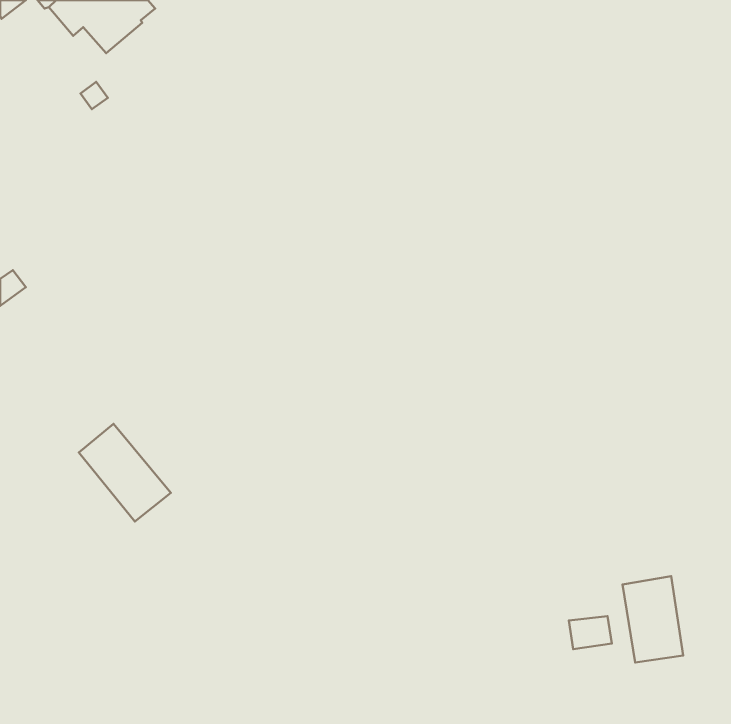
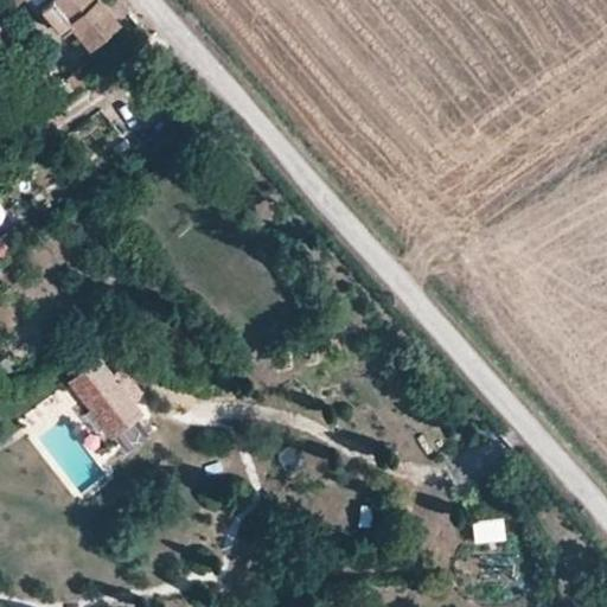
building: [623,576,683,663] -> none

